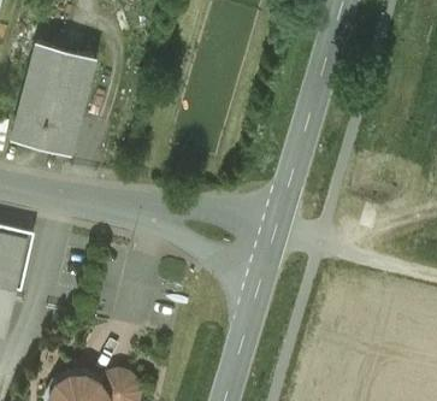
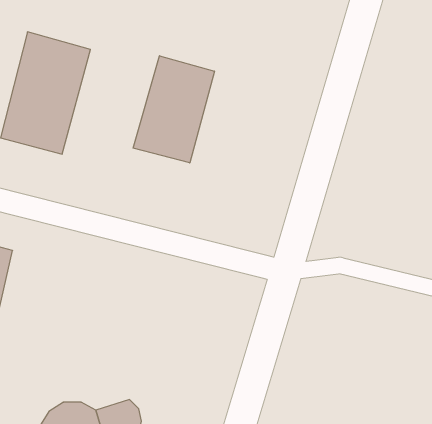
building: none -> [133,56,214,163]

